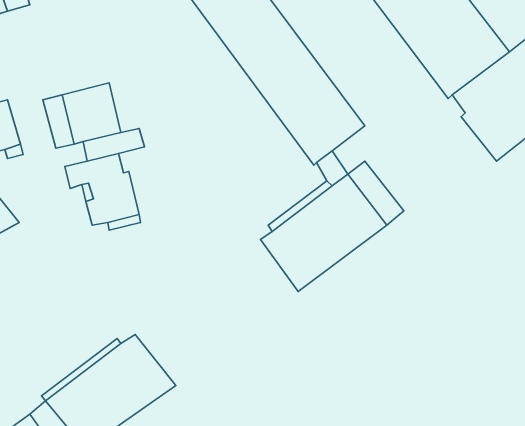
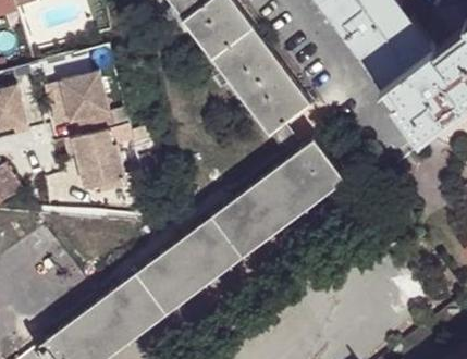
building: none -> [122,202,258,324]

